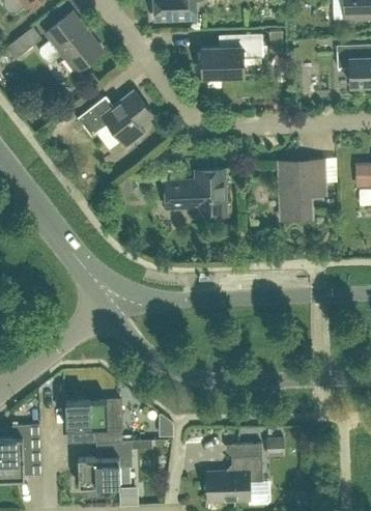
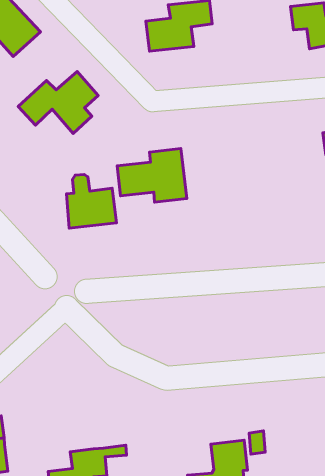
building: [279,160,324,220] -> none
building: none -> [66,175,116,228]
building: [65,400,121,443] -> none

